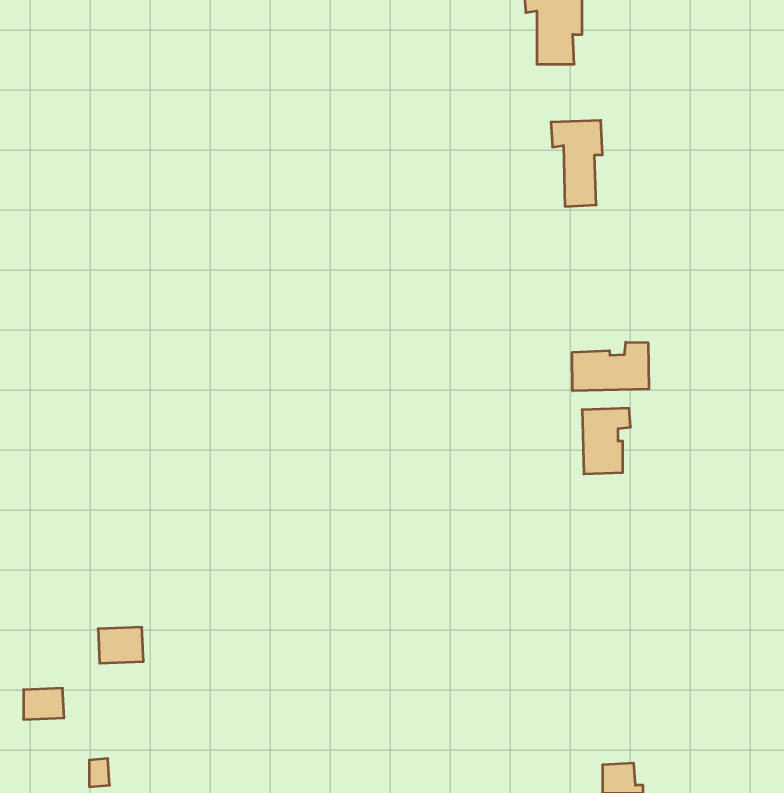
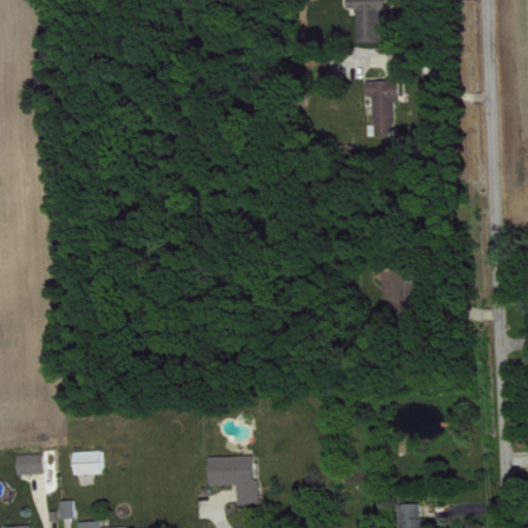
building: [572,342,649,391] -> none
building: [98,627,143,663] -> [71,451,101,474]
building: none -> [206,456,257,505]

